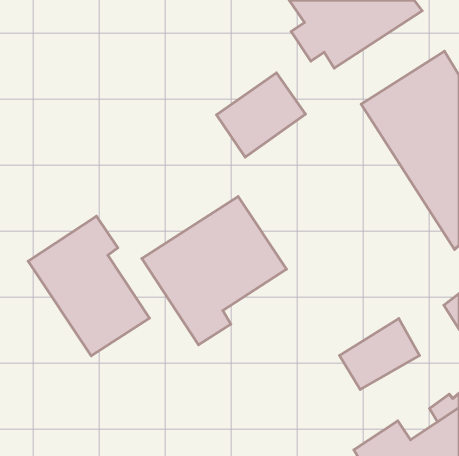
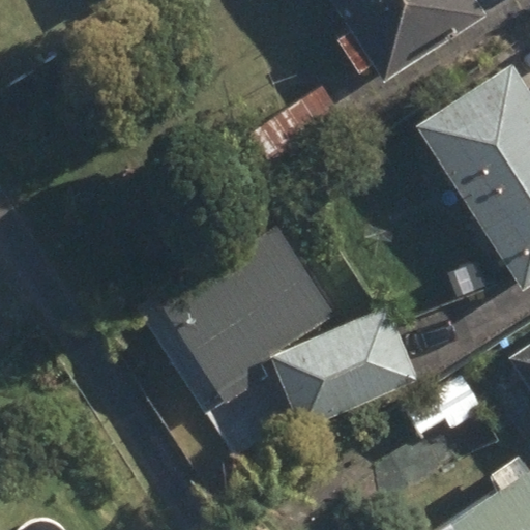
building: [28,216,150,356] -> none
building: none -> [271,306,417,428]

